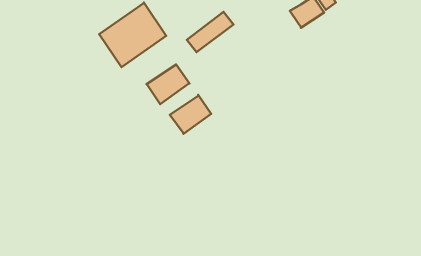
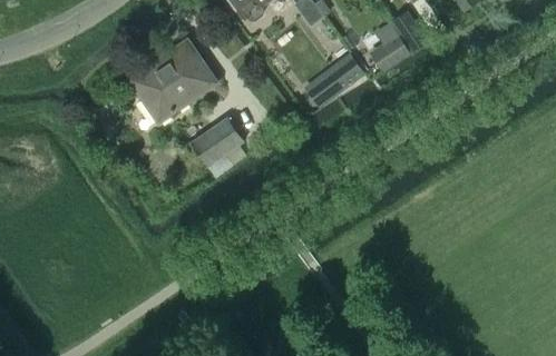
building: [187,12,233,52] -> [305,56,363,106]
building: [170,95,211,134] -> none

